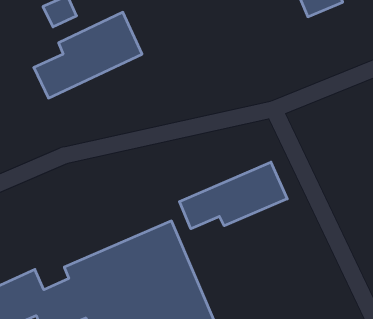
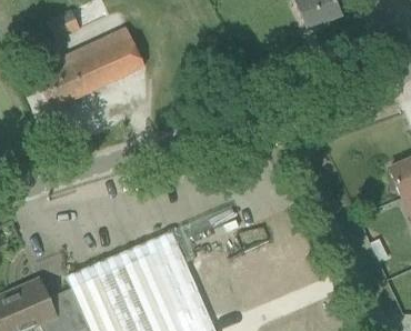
building: [179,162,287,229] -> none

